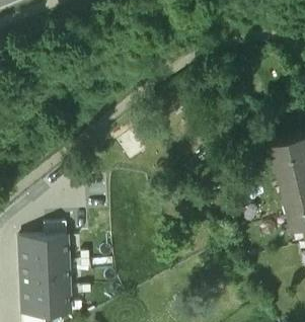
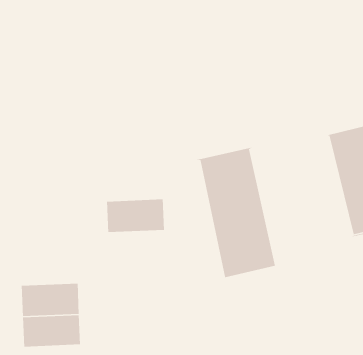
building: none -> [196,147,276,278]
building: [17,235,66,263] -> [106,199,165,233]

